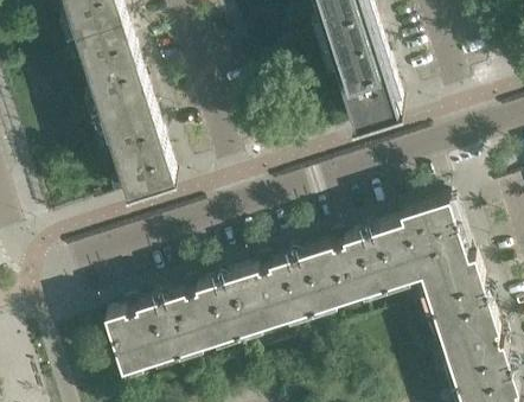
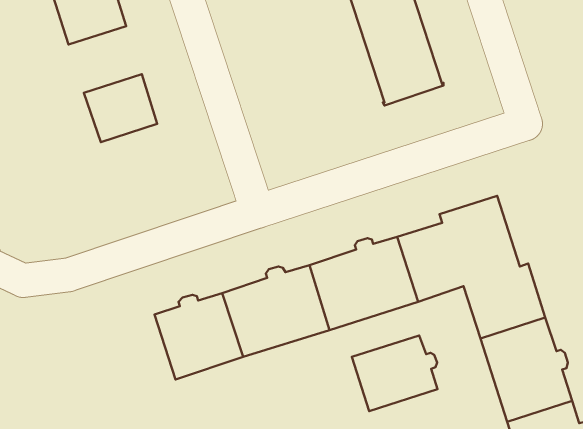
building: [88,60,149,116] -> none
building: [115,142,177,199] -> none
building: [104,302,178,375] -> none
building: none -> [352,336,438,411]

